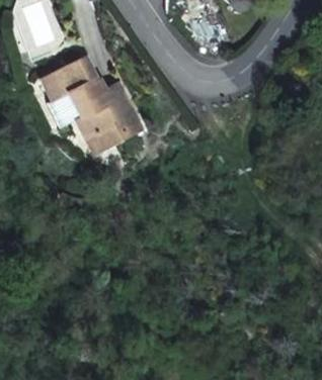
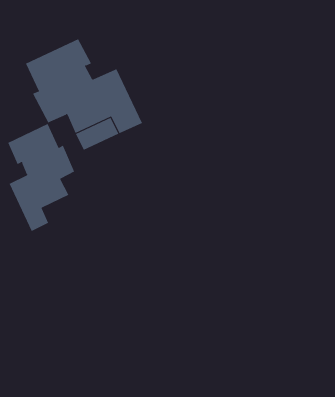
building: none -> [8,123,75,232]

